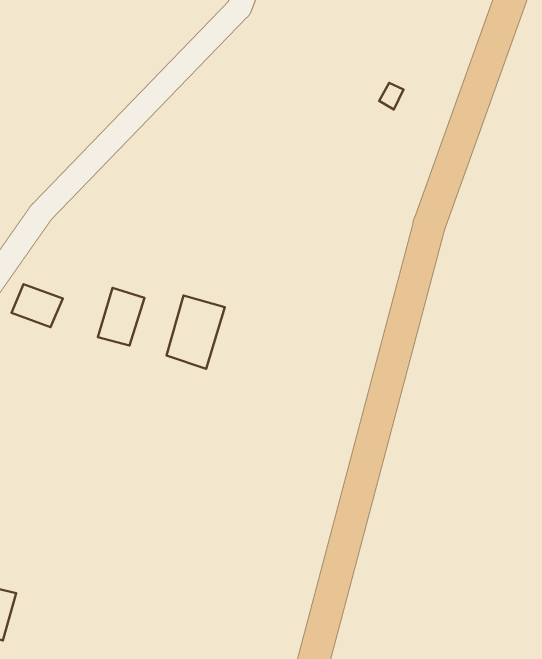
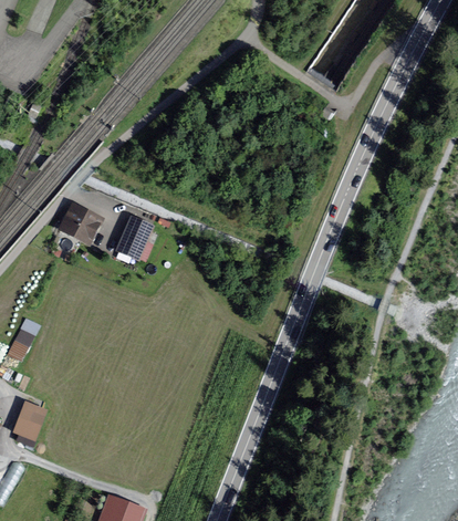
building: [166,295,225,369] -> none

